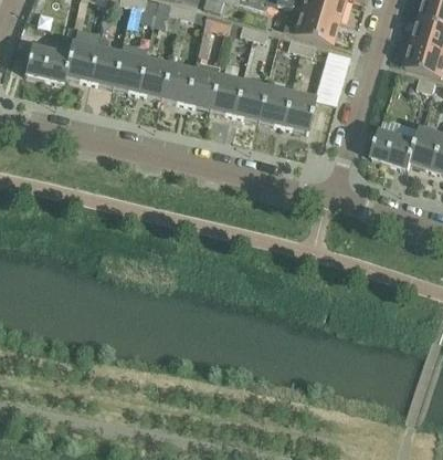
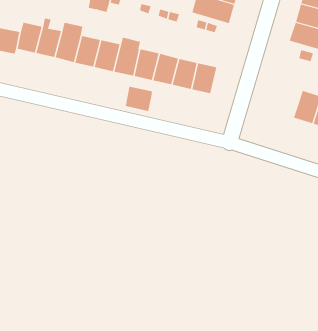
building: [315,48,350,102] -> none
building: none -> [125,86,153,112]
building: [371,128,416,167] -> none

